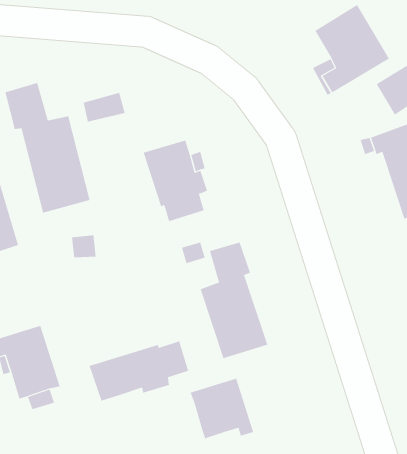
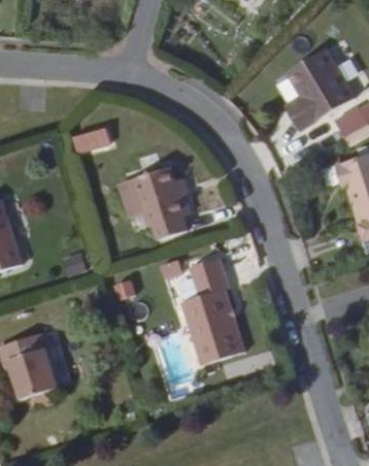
building: [5,82,90,214] -> none
building: [89,340,189,402] -> none
building: [190,378,254,439] -> none

